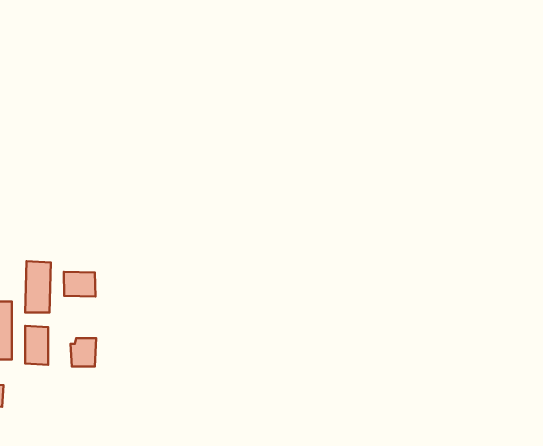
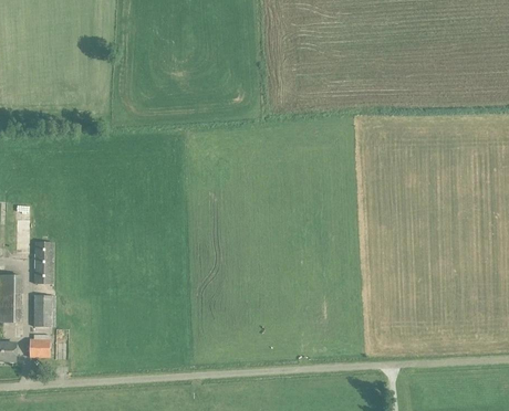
building: [64,272,95,297] -> none
building: [71,338,96,367] -> [28,334,49,357]

